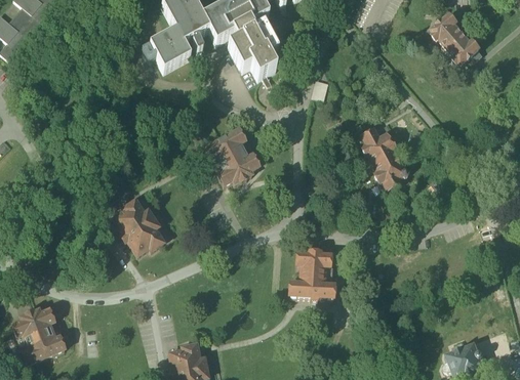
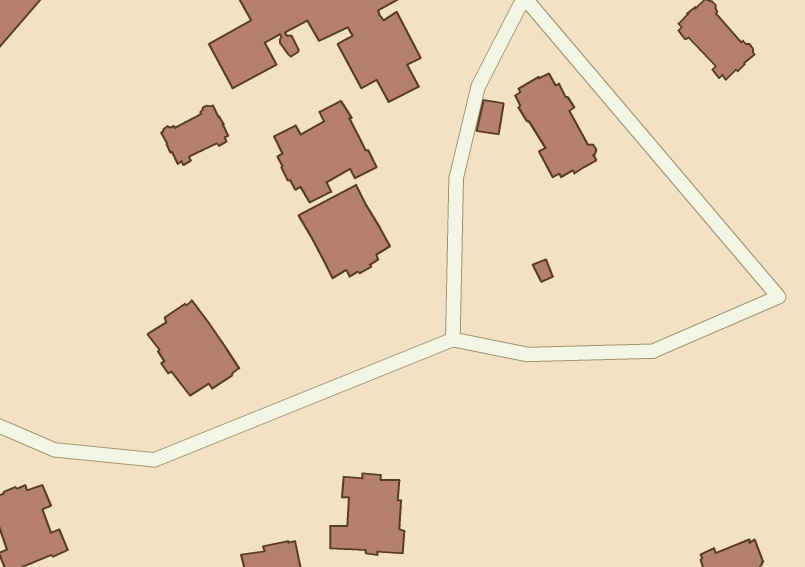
building: none -> [274,101,376,203]
building: none -> [161,105,228,165]
building: [360,125,409,187] -> [515,74,596,177]
building: [290,249,335,298] -> [330,473,405,555]

